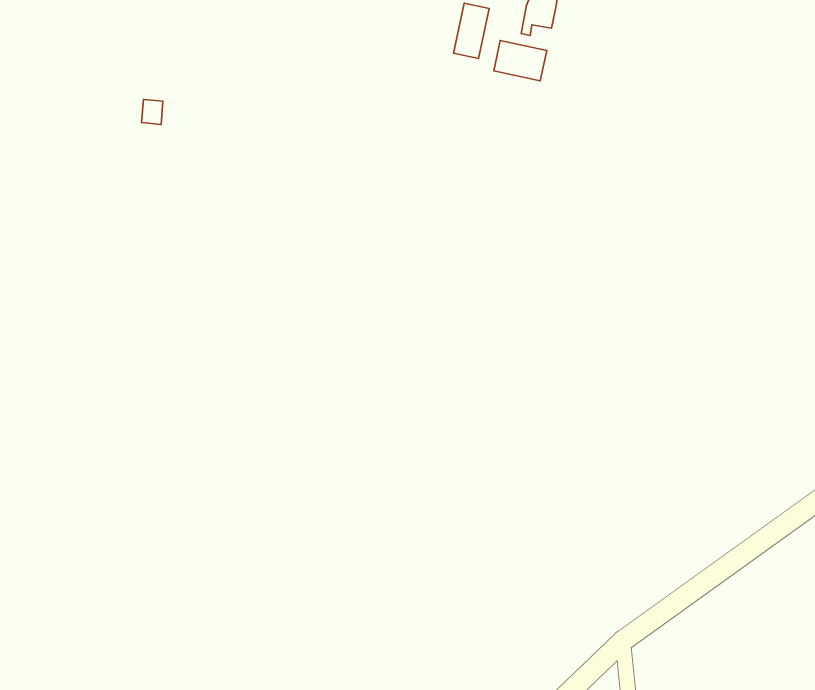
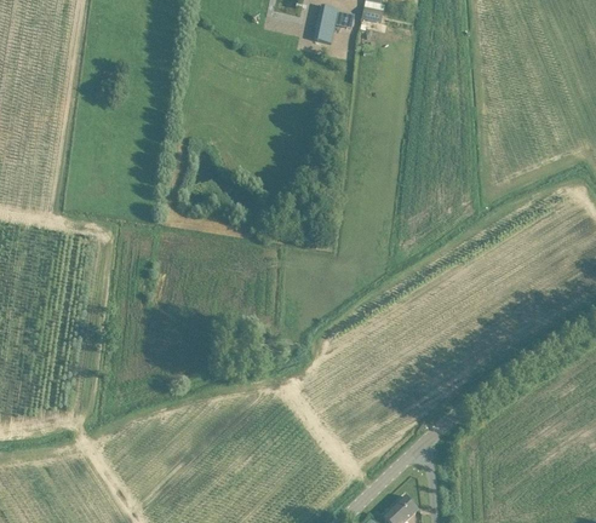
building: [494,41,547,81] -> none

